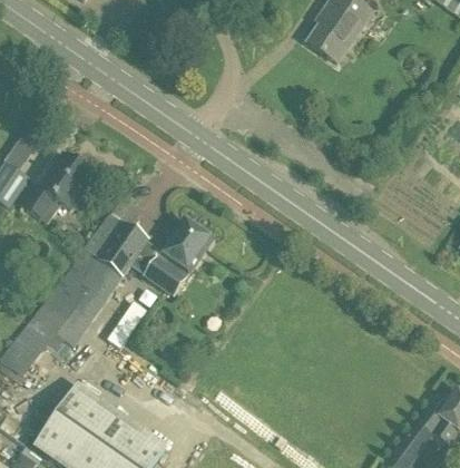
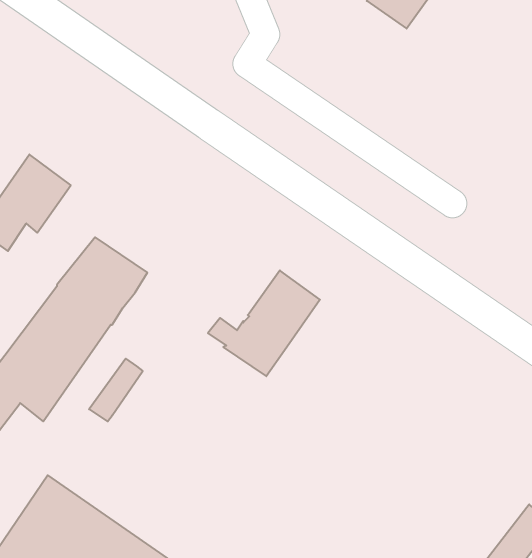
building: [131,220,213,296] -> [208,270,320,376]

